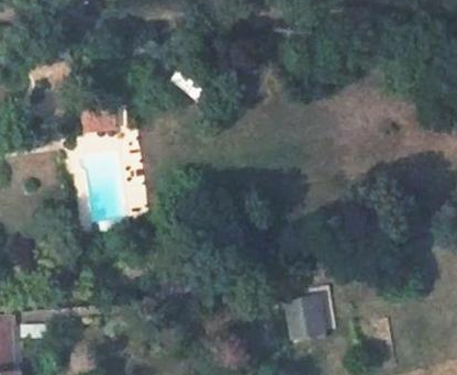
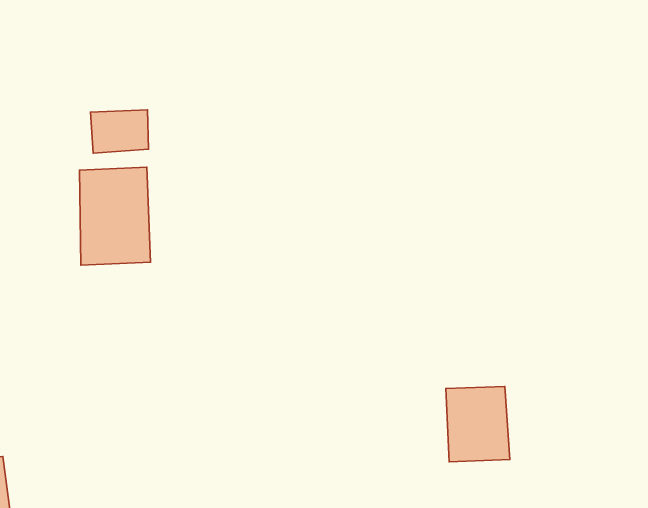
building: none -> [79,167,150,265]

